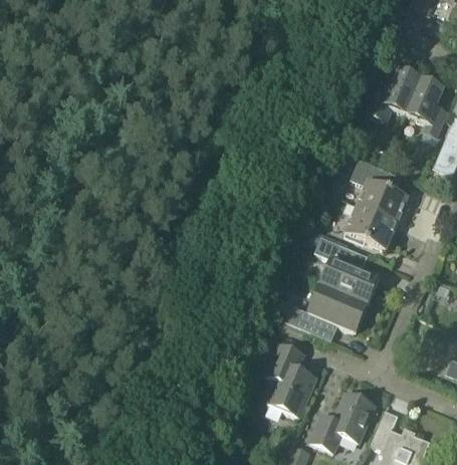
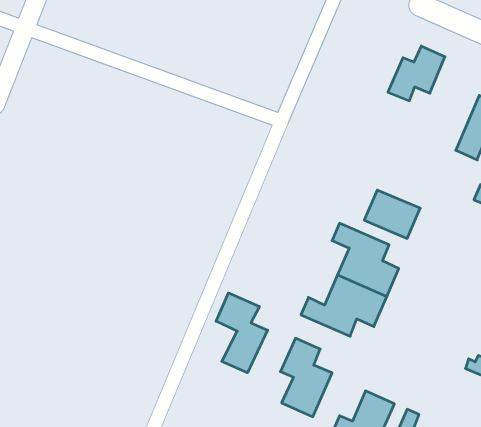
building: [407,79,447,136] -> none
building: [352,159,409,221] -> none
building: none -> [216,293,268,373]

